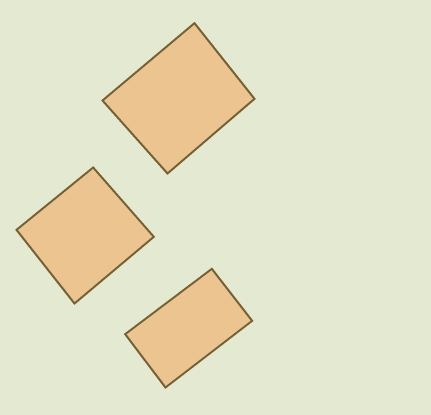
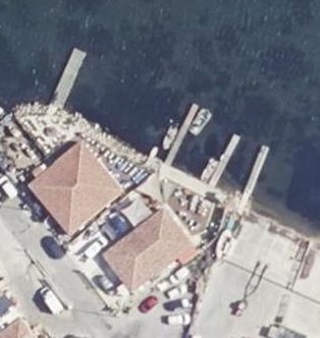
building: [102,23,254,173] -> none

